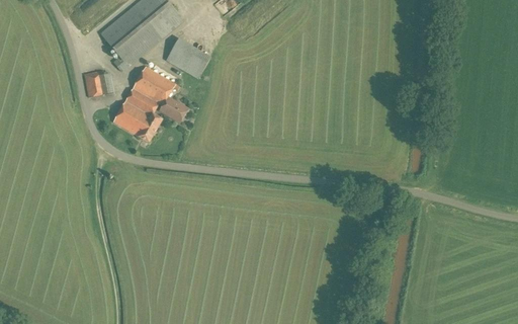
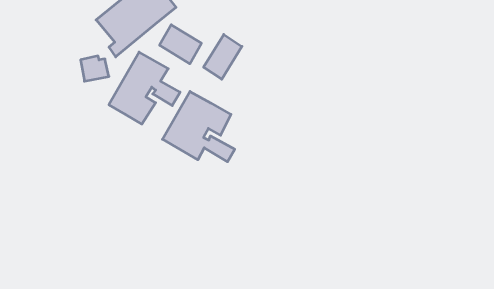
building: none -> [204,34,242,79]
building: none -> [162,91,235,162]

